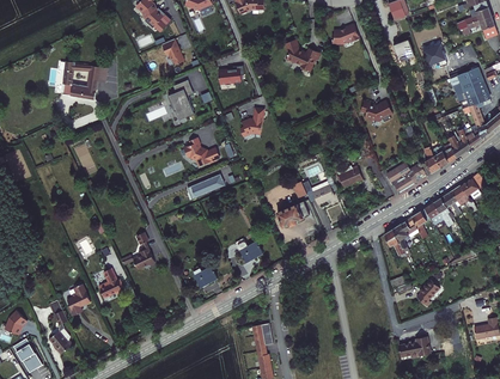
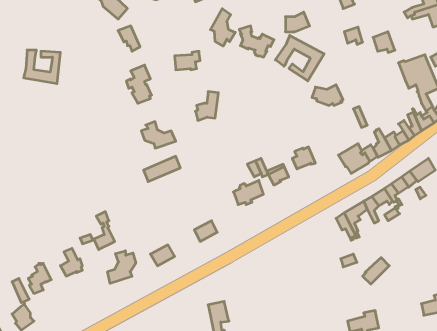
building: none -> [210,9,235,46]
building: none -> [275,35,324,81]
building: none -> [108,251,136,283]

